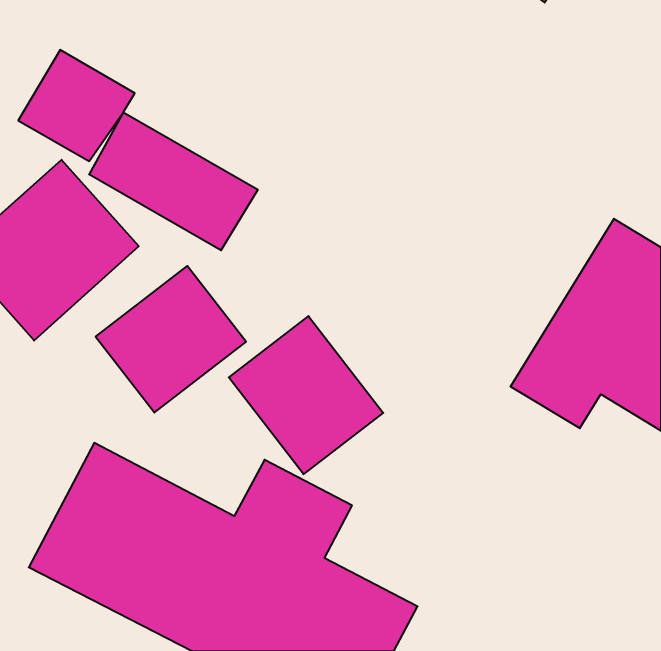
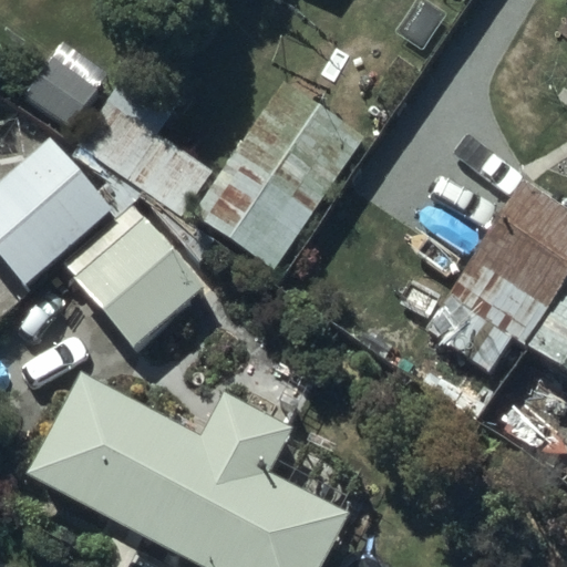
building: none -> [192,76,368,269]
building: [229,316,383,474] -> none

